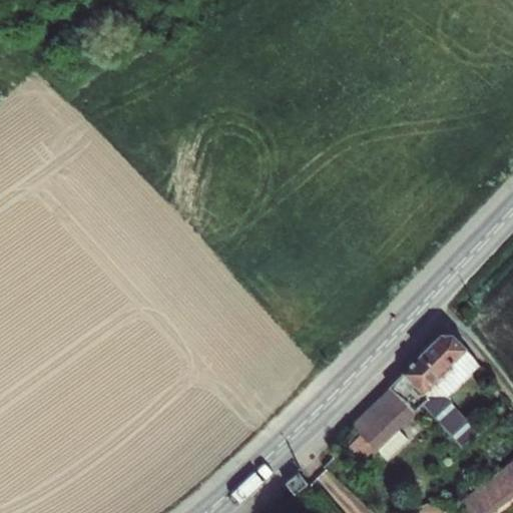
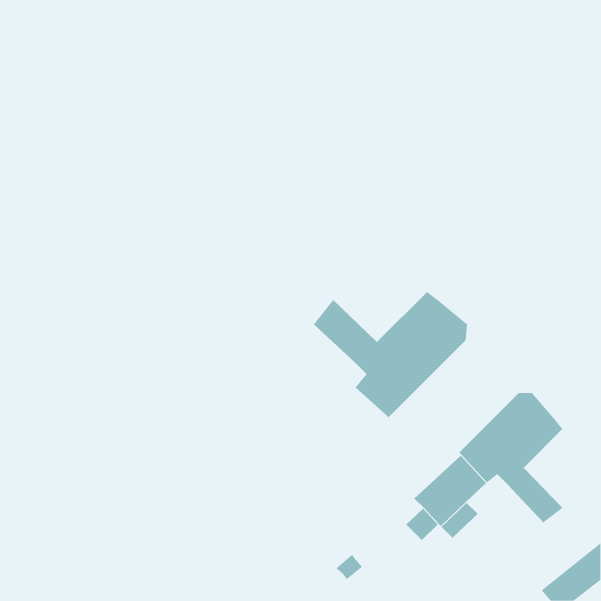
building: none -> [313,291,467,418]

